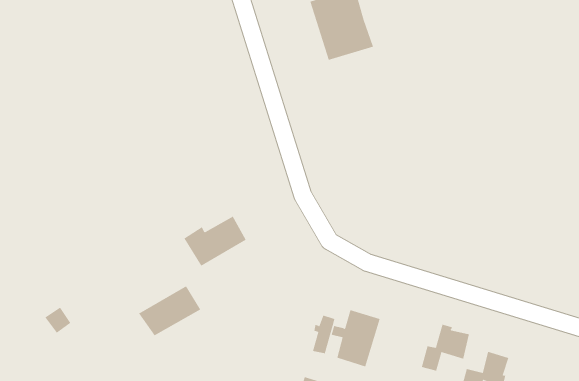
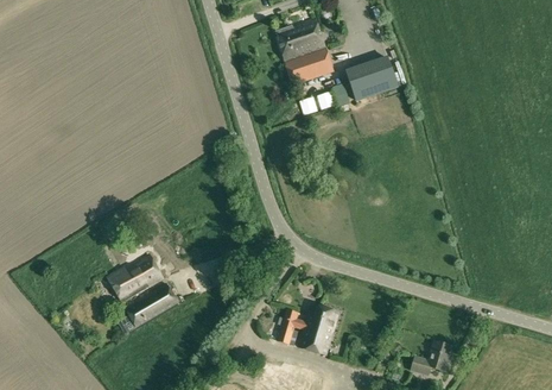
building: none -> [347,57,398,99]
building: [184,216,246,267] -> [108,256,164,301]
building: [421,324,469,371] -> none

